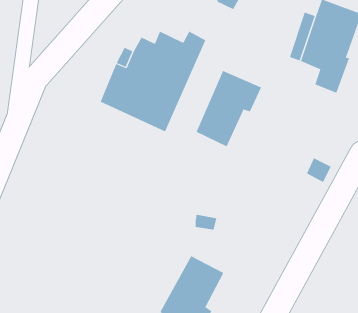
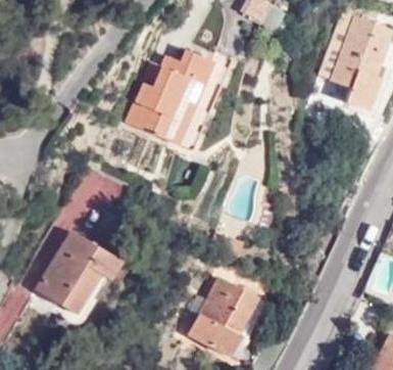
building: [196,70,262,147] -> none
building: none -> [38,229,121,314]

